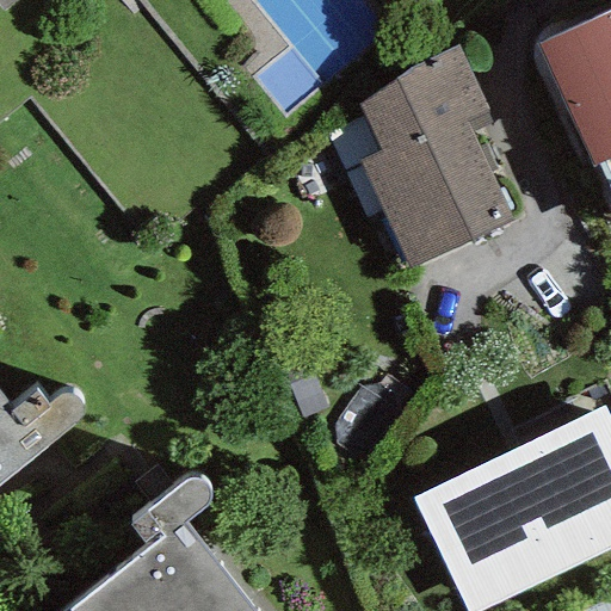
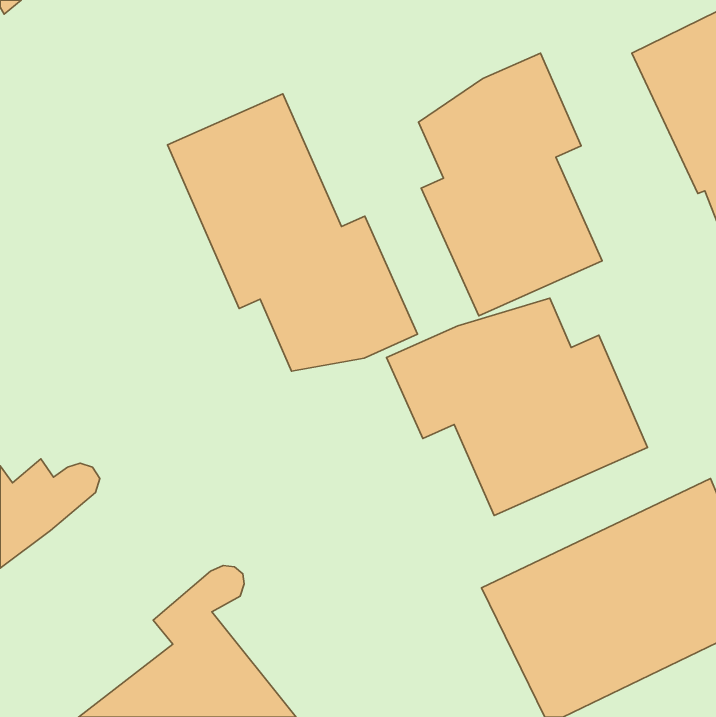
building: none -> [168,94,418,371]
building: none -> [387,298,648,516]

